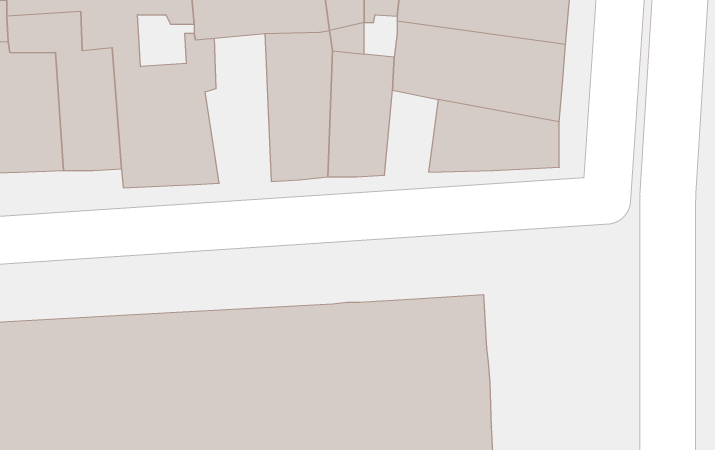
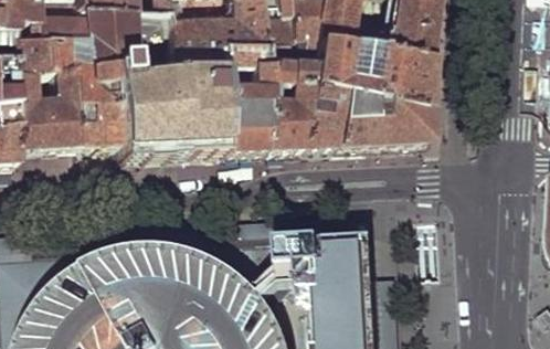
building: none -> [176,50,222,155]
building: none -> [302,89,339,149]

